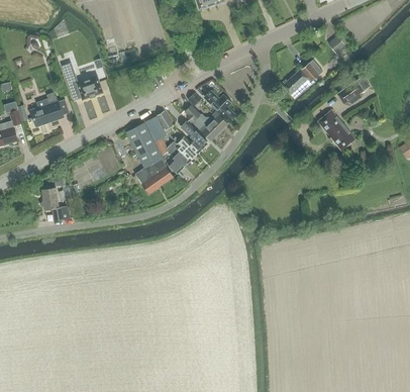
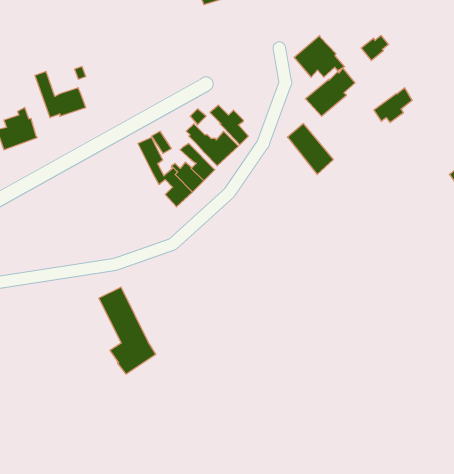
building: none -> [294,35,345,77]
building: [317,109,354,151] -> [287,124,333,175]
building: [126,122,173,193] -> [99,287,156,374]
building: [40,188,71,220] -> none

